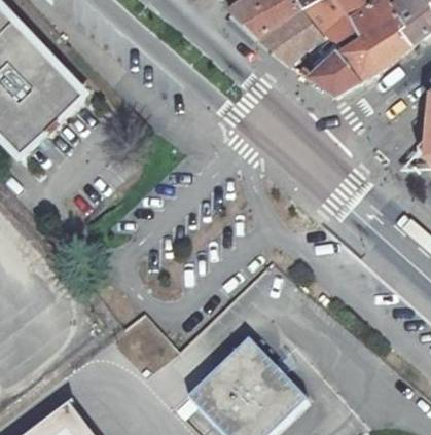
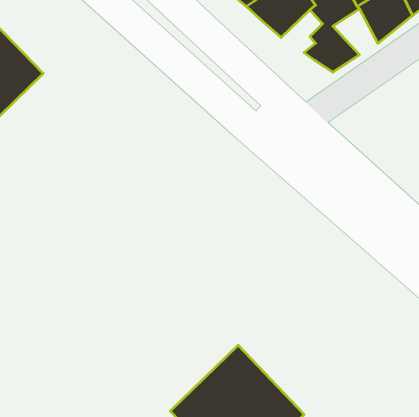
building: [337,39,378,80] -> none

